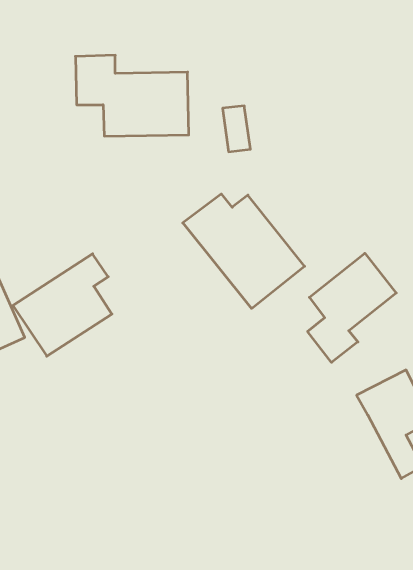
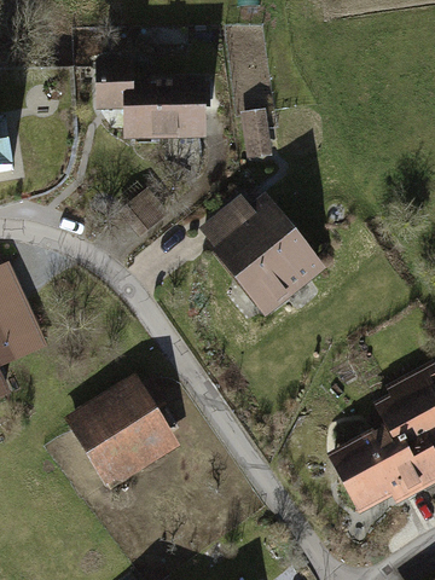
building: [308,253,396,362] -> none
building: [13,254,112,356] -> [69,372,168,475]
building: none -> [335,419,420,507]

